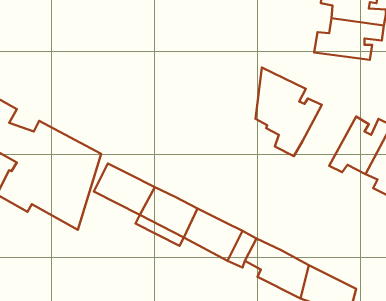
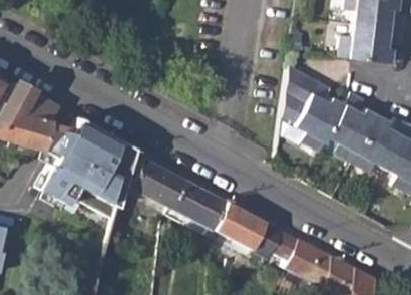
building: none -> [327,92,377,162]

